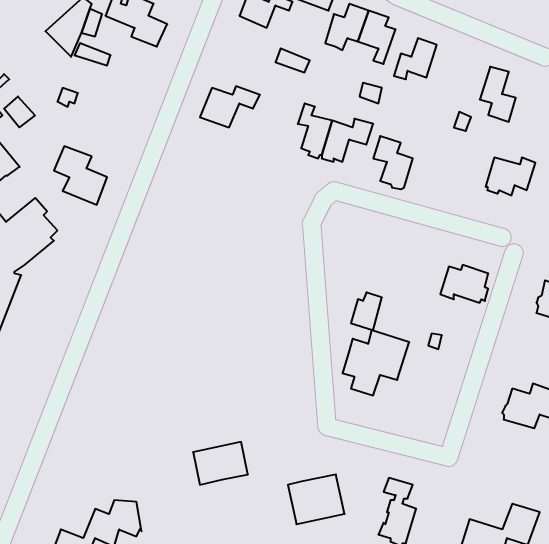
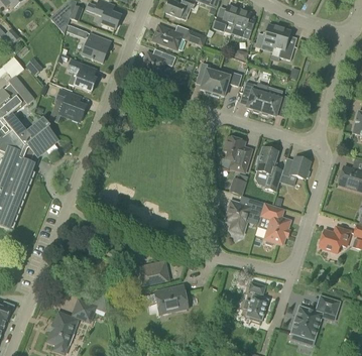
building: none -> [152,24,183,48]
building: none -> [82,33,110,63]
building: [480,67,516,122] -> [273,27,294,60]
building: none -> [66,58,96,92]
building: [486,158,535,195] -> [260,94,289,116]
building: none -> [218,136,251,171]
building: none -> [255,146,281,191]
building: none -> [259,203,289,244]
building: [288,474,345,524] -> [154,284,188,314]

